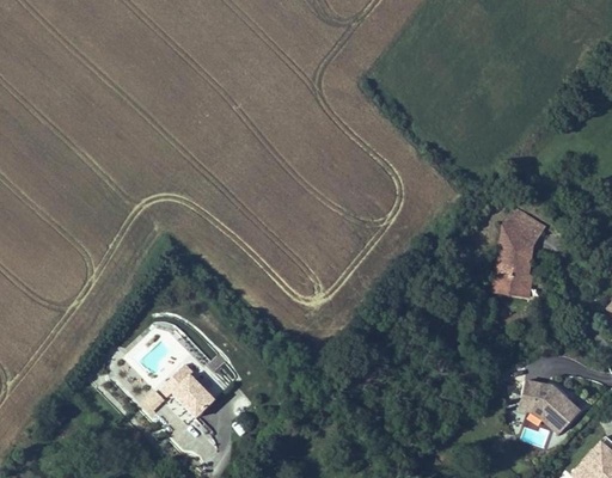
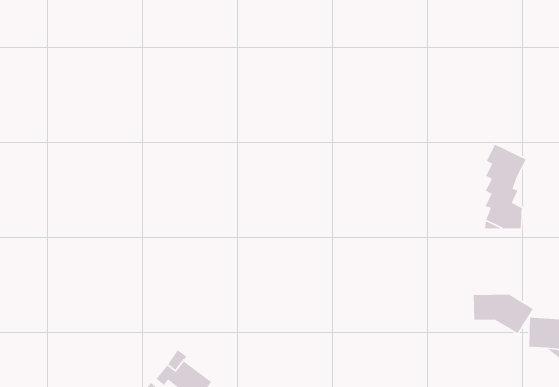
building: none -> [473,294,534,334]

